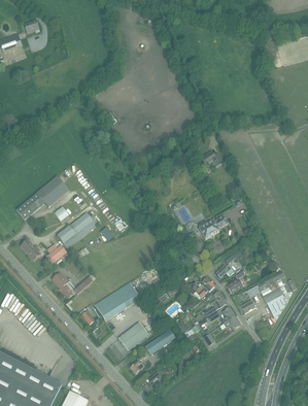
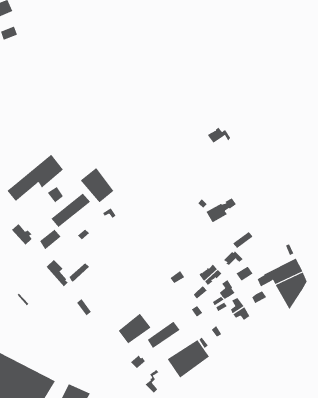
building: none -> [80,167,114,203]
building: [95,282,140,322] -> none
building: none -> [167,339,210,378]

